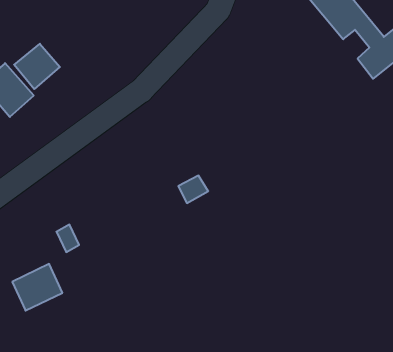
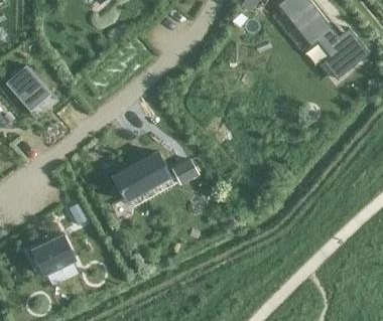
building: [14,44,60,89] -> none
building: none -> [113,153,170,201]

